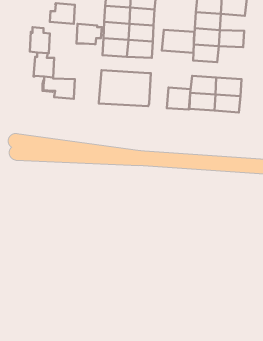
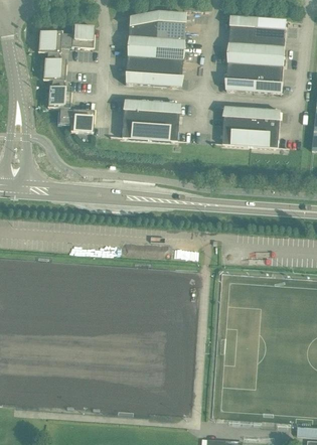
building: none -> [257,36,285,55]
building: [77,24,102,44] -> [38,29,66,52]
building: [162,30,194,53] -> none
building: none -> [254,72,283,93]
building: [167,88,191,110] -> none

